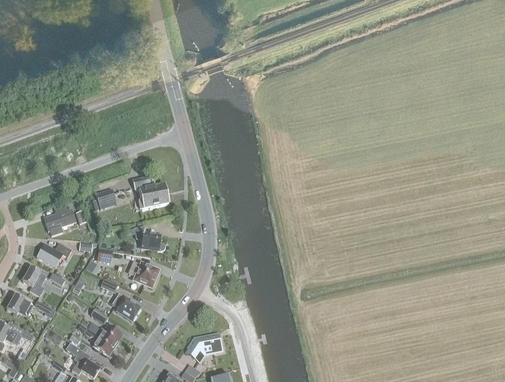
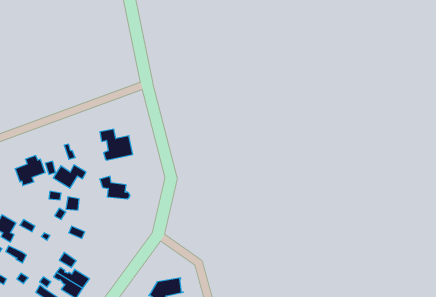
building: [36,241,71,266] -> [53,165,86,188]
building: [128,261,157,286] -> none
building: [111,292,140,320] -> none

